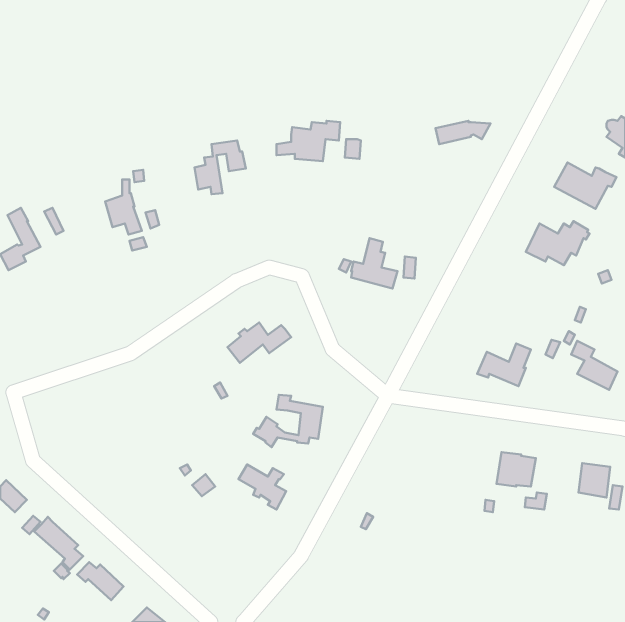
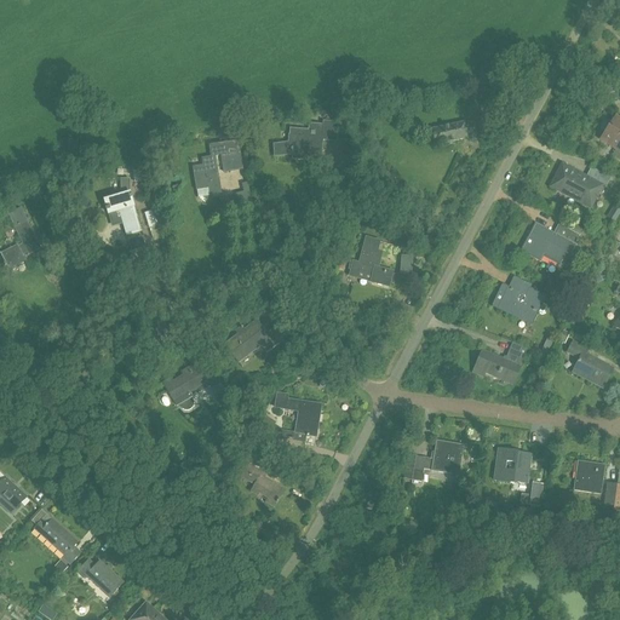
building: none -> [492,281,547,323]
building: none -> [162,362,208,409]
building: none -> [412,438,463,480]

